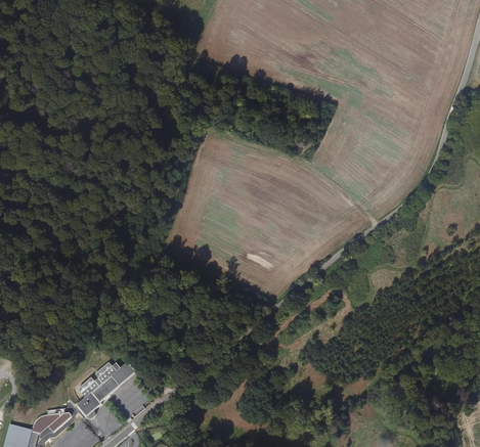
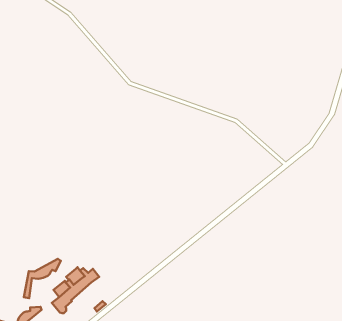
building: none -> [24,259,61,298]

